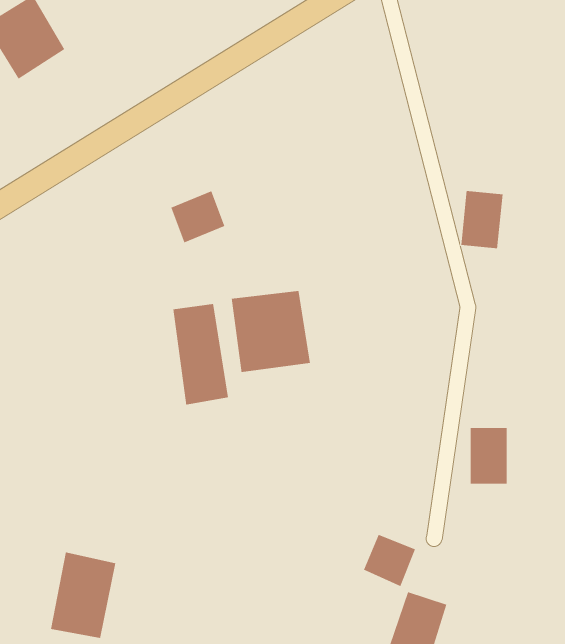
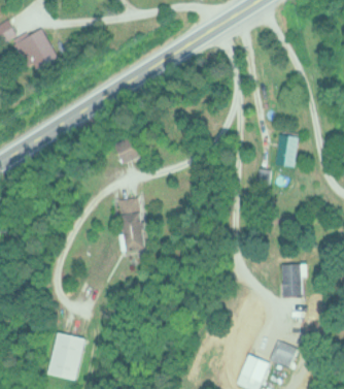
building: [231,290,311,373] -> none
building: [363,534,416,587] -> [268,341,297,369]

